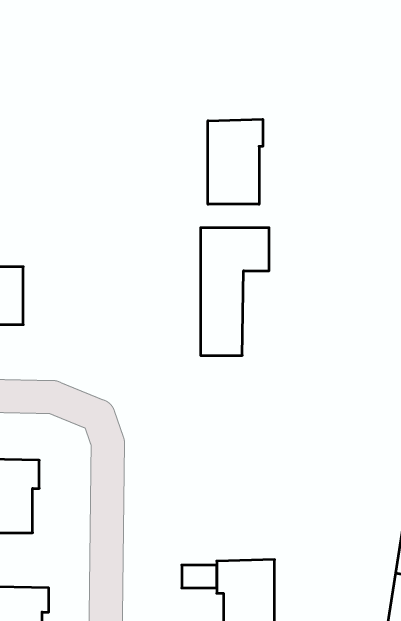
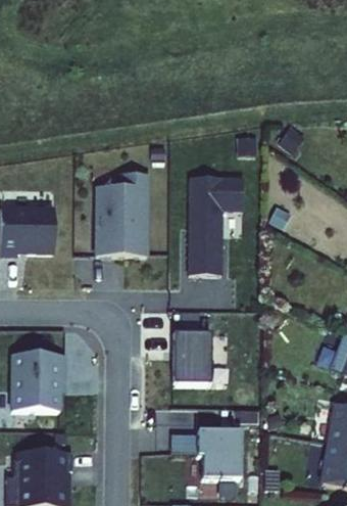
building: [208,119,263,204] -> none
building: none -> [94,173,145,255]
building: none -> [173,333,211,385]

